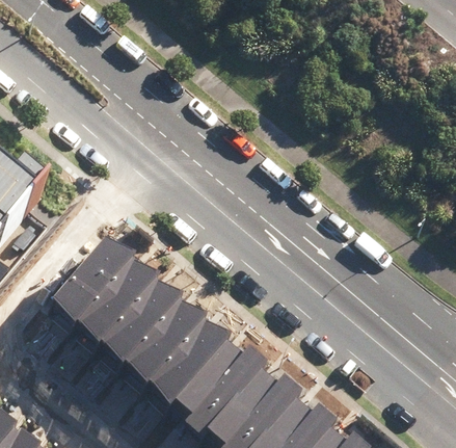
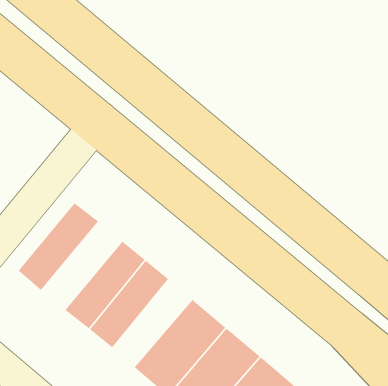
building: [83,261,162,347] -> none
building: [153,317,231,403] -> none

